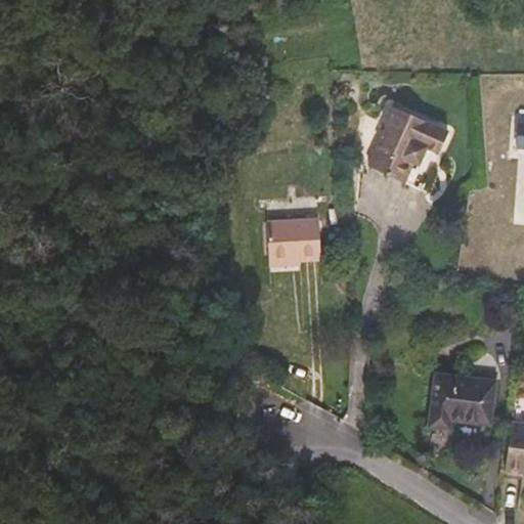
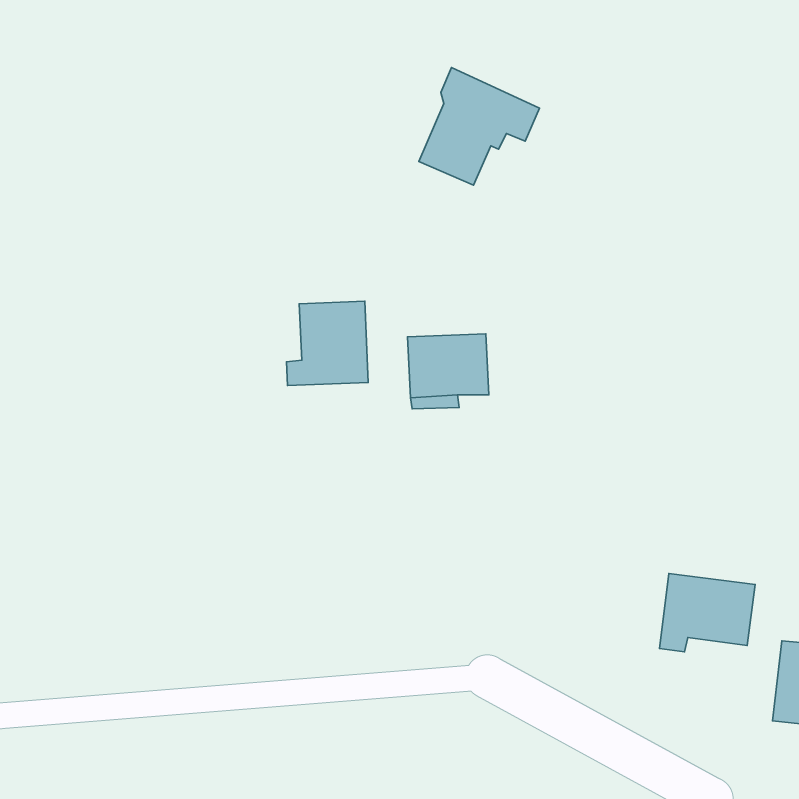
building: [369,104,448,181] -> [419,68,539,185]
building: none -> [287,301,368,386]

